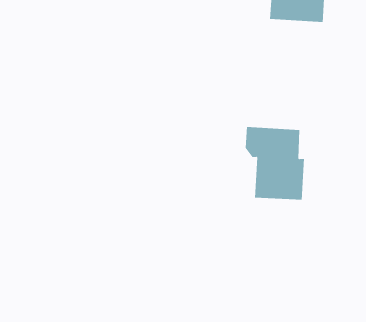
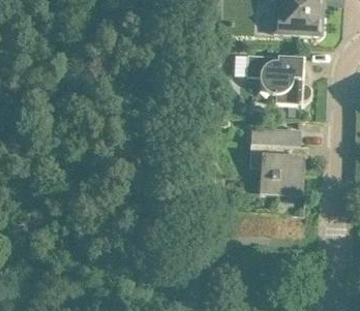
building: none -> [246,56,310,106]

